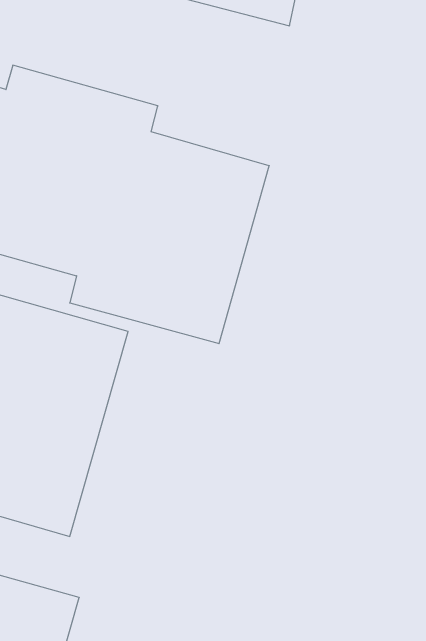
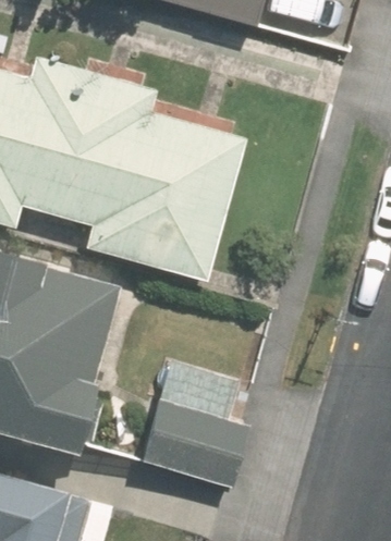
building: none -> [134,356,240,480]

